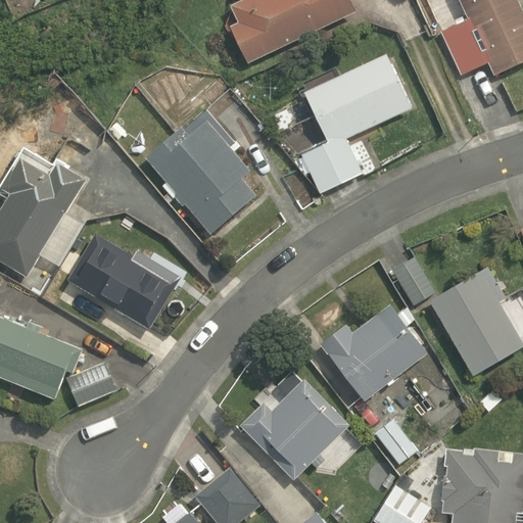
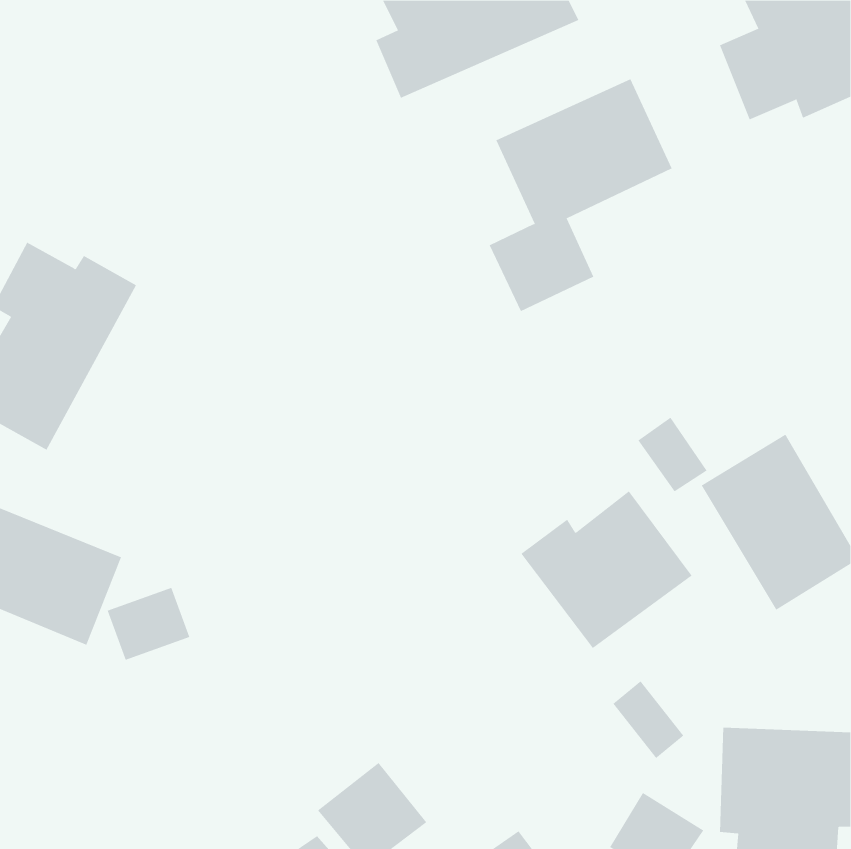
building: [147,122,262,232] -> none
building: [70,235,184,331] -> none
building: [239,375,353,480] -> none

